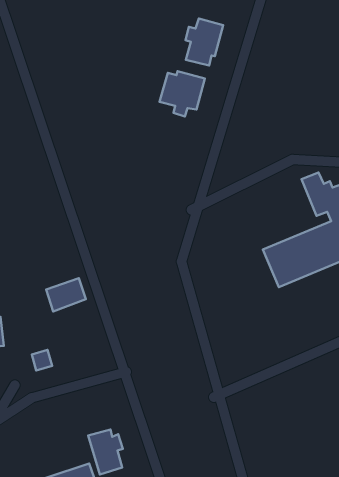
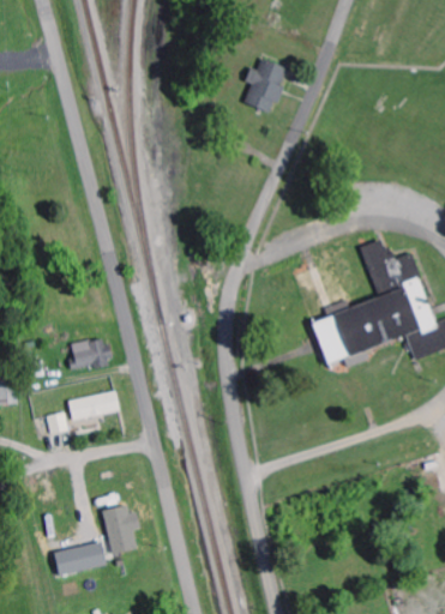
building: [159,71,205,116] -> none
building: none -> [67,391,119,421]

